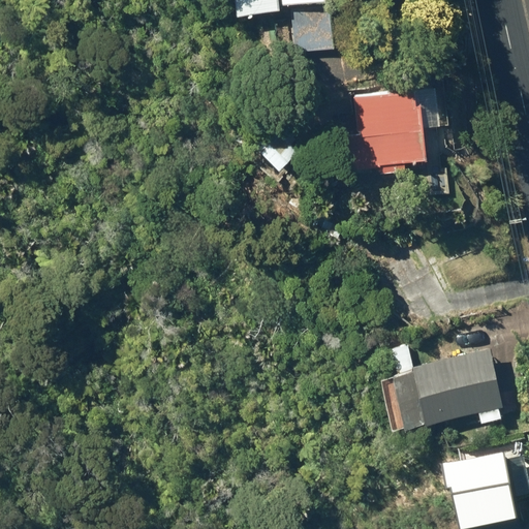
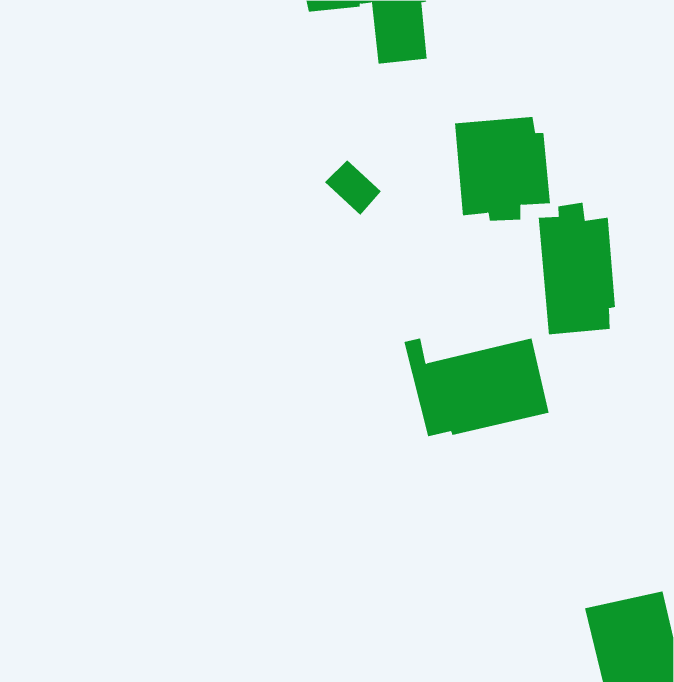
building: none -> [538,202,616,335]
building: [387,348,500,425] -> [403,338,550,437]

